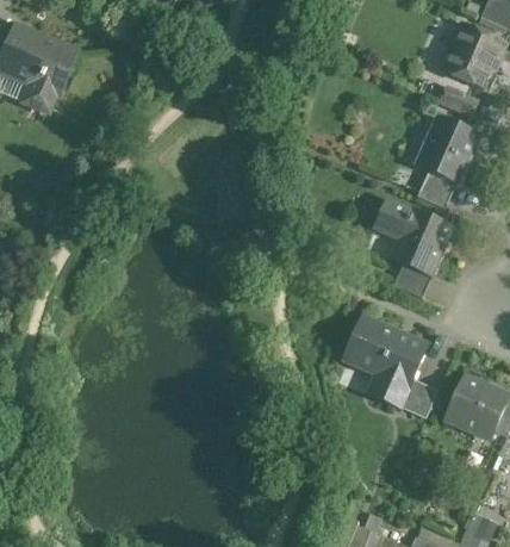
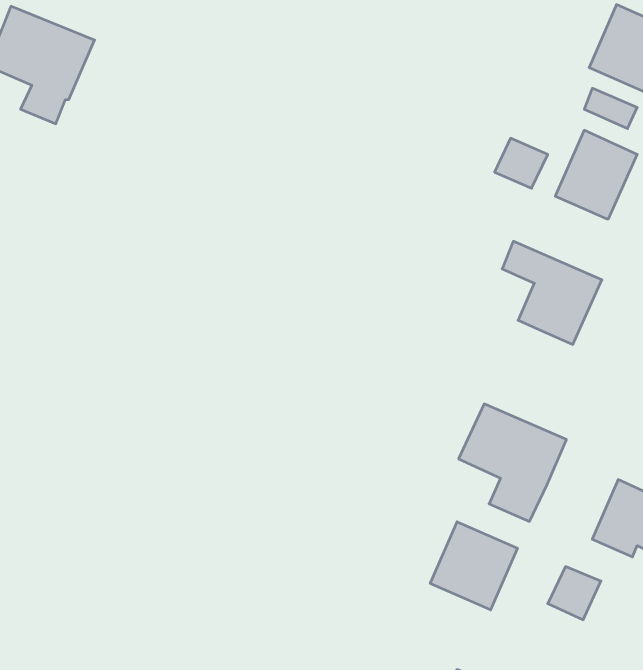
building: [416,169,455,206] -> [495,138,548,188]
building: [393,262,430,296] -> none
building: [398,378,437,417] -> [548,567,601,620]
building: none -> [430,522,517,610]

